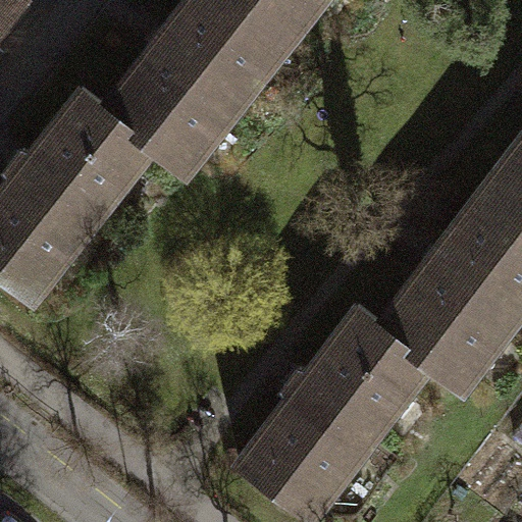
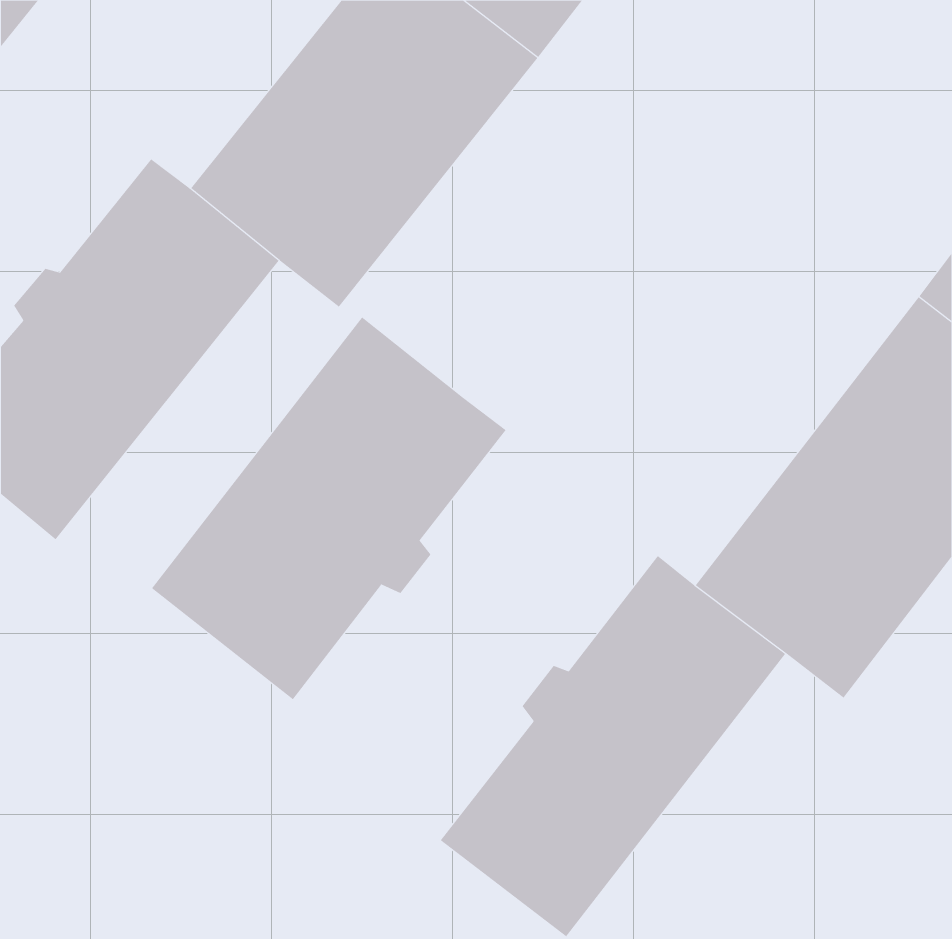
building: none -> [151,317,506,700]

